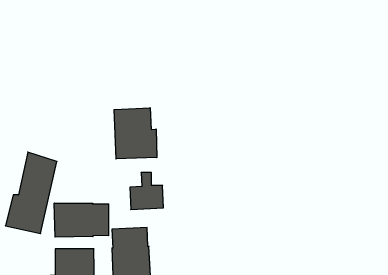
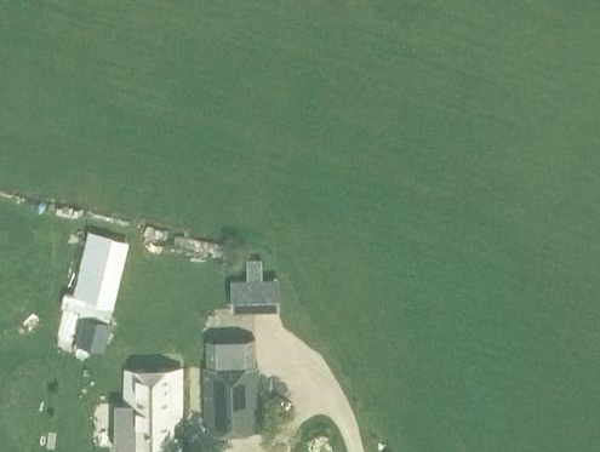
building: [114,108,157,159] -> none
building: [54,203,109,237] -> none

